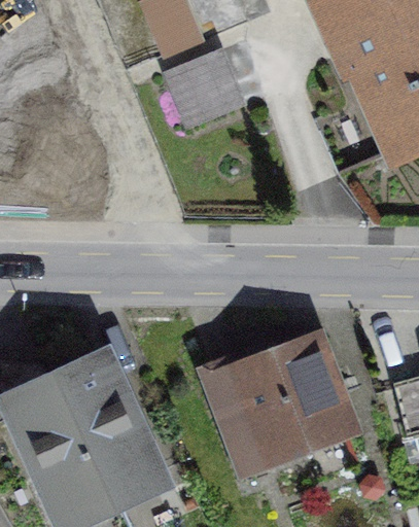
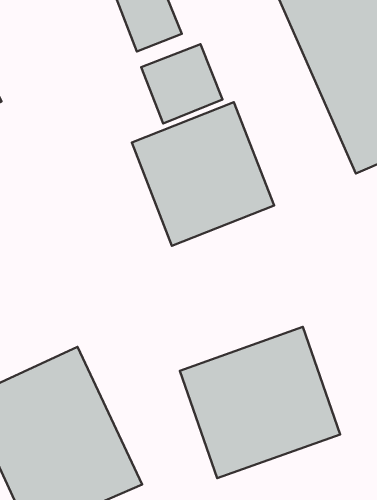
building: none -> [132,102,274,246]

